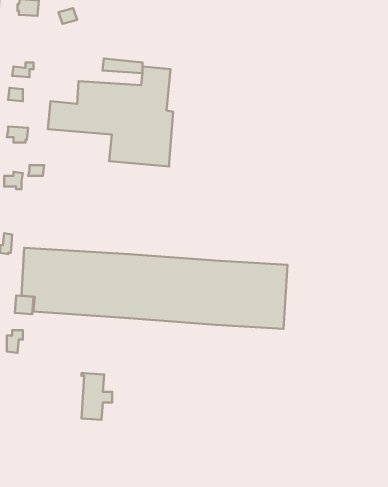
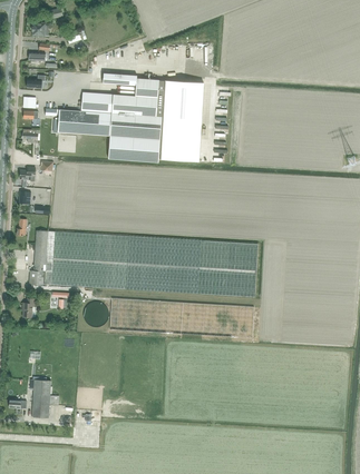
building: none -> [155,81,203,161]
building: [81,373,112,420] -> [31,379,57,418]

